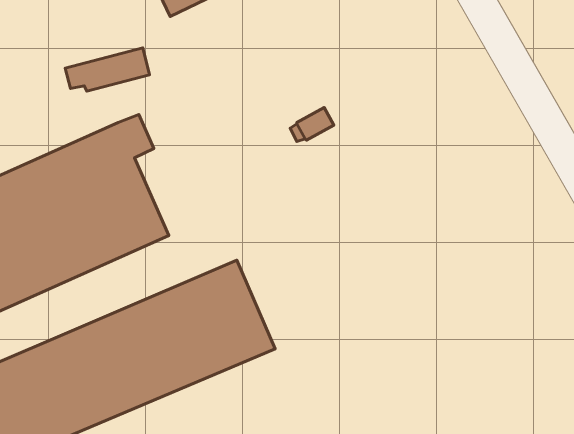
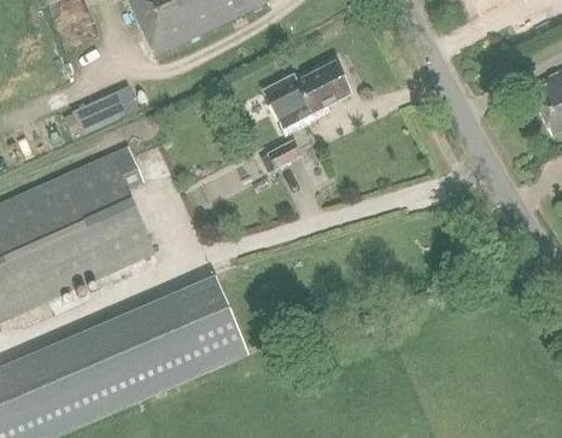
building: none -> [263,62,352,134]

